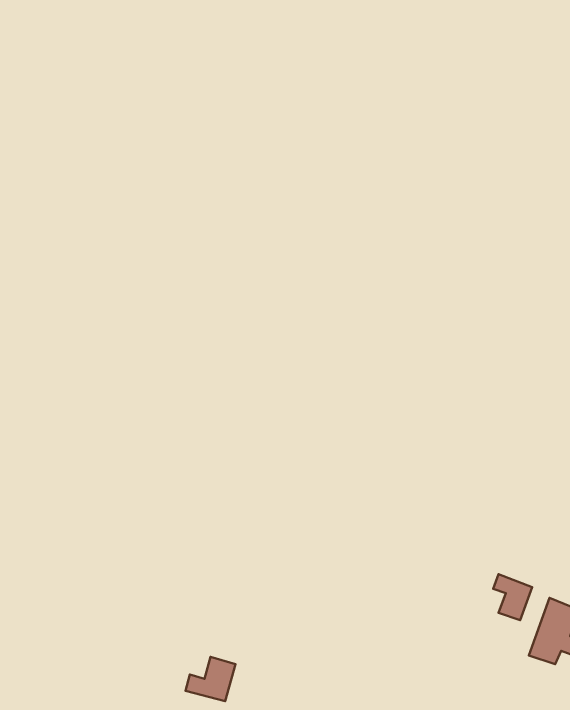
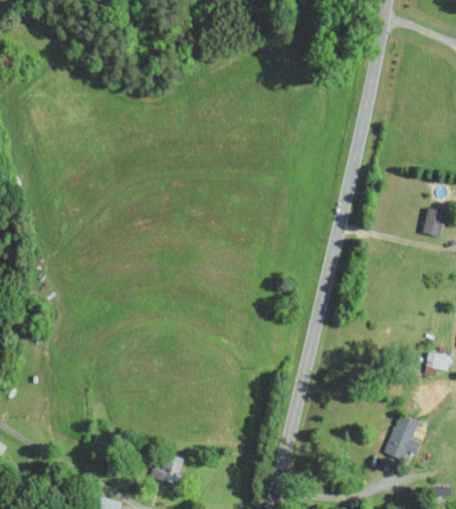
building: [493,574,532,620] -> none

